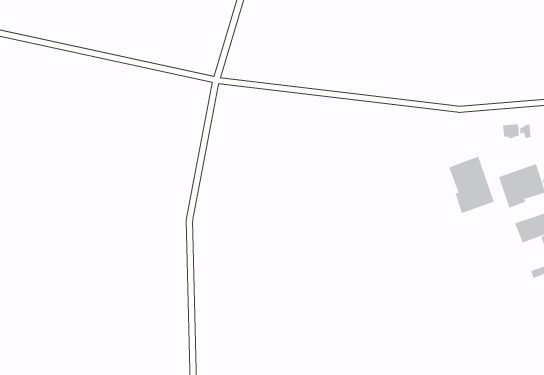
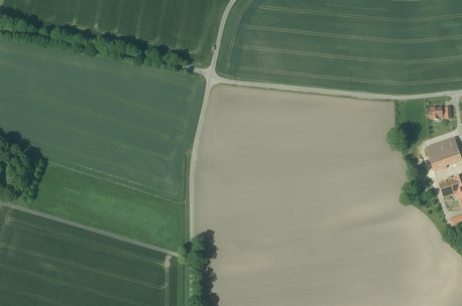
building: [449,156,495,214] -> none

